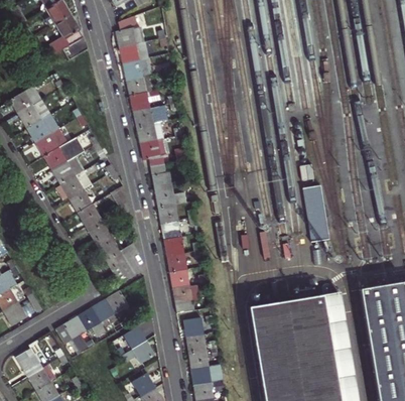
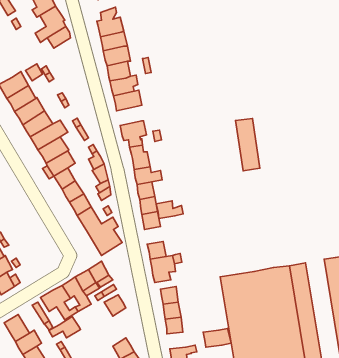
building: [137,123,164,144] -> none
building: [303,186,329,243] -> [236,119,260,171]
building: [167,253,196,272] -> [156,201,183,219]
building: [122,341,156,364] -> [49,316,81,338]
building: [191,365,222,385] -> [203,328,231,347]

